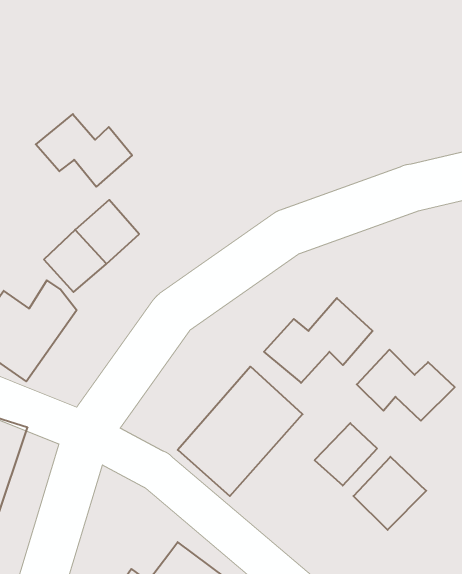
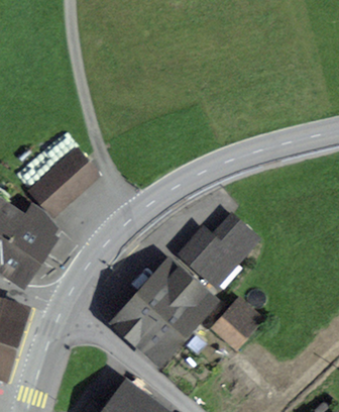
building: [36,114,132,187] -> none
building: [357,350,455,421] -> none
building: [353,457,426,530] -> none

